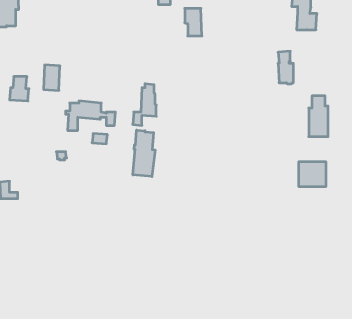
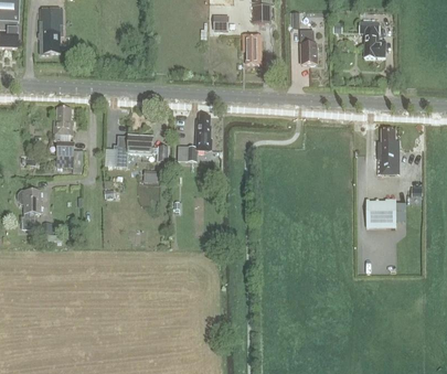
building: [278,51,293,84] -> [300,30,317,65]
building: [44,65,60,90] -> [56,140,74,168]
building: [133,130,155,177] -> none

